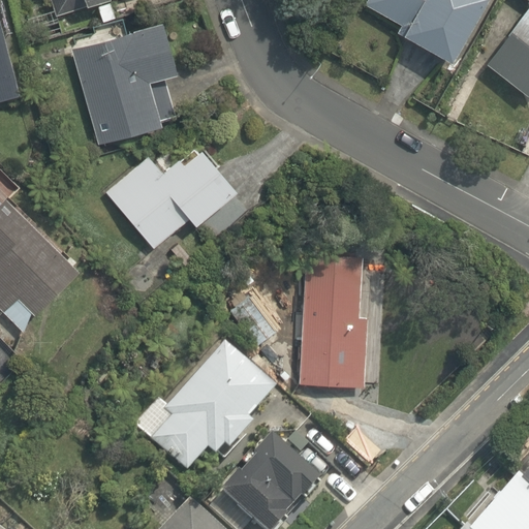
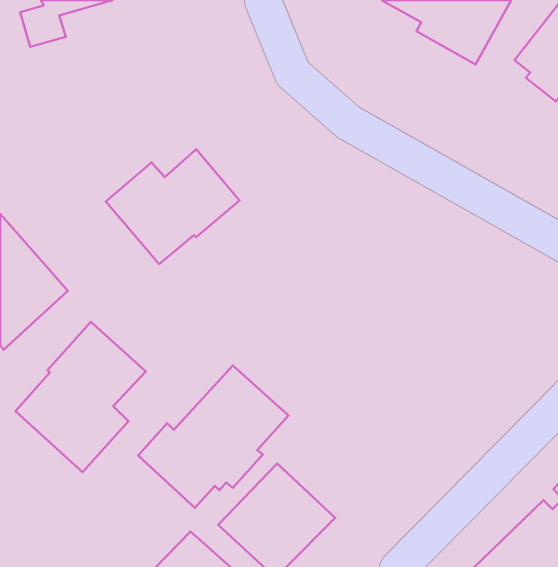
building: [73,20,176,146] -> none
building: [301,261,374,385] -> none
building: none -> [16,322,146,472]

